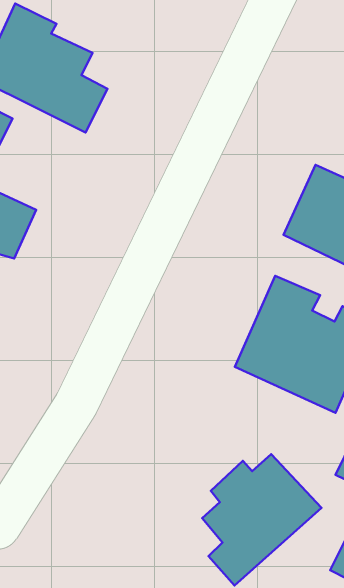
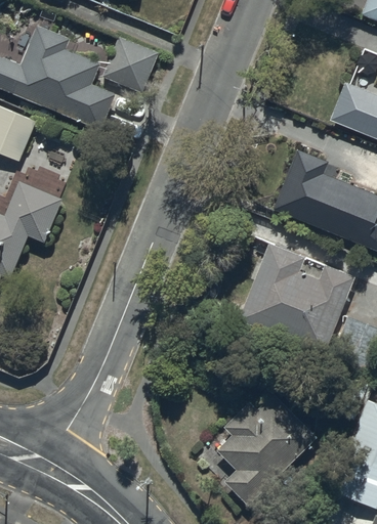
building: none -> [101,36,160,93]

